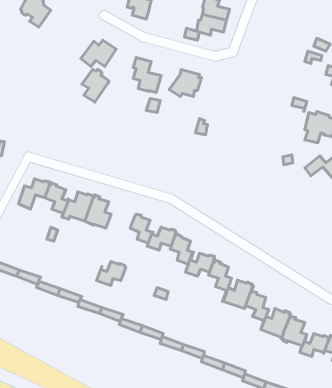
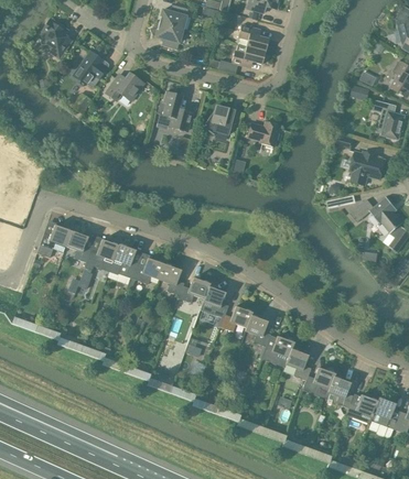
building: [82,69,109,102] -> [77,51,107,87]
building: none -> [246,121,279,146]
building: [97,261,126,285] -> [131,258,163,284]

